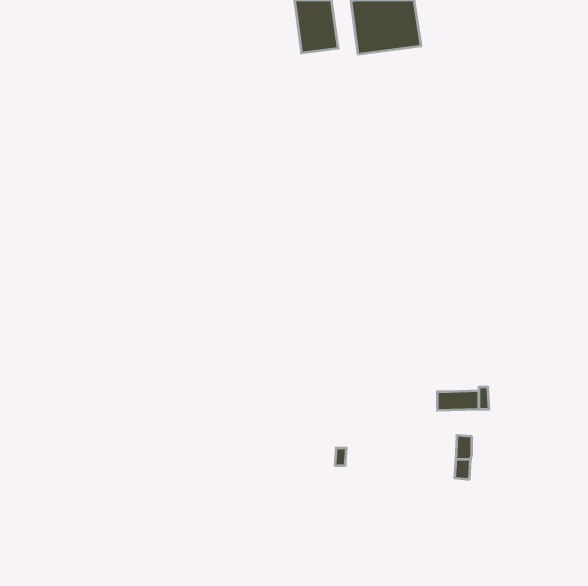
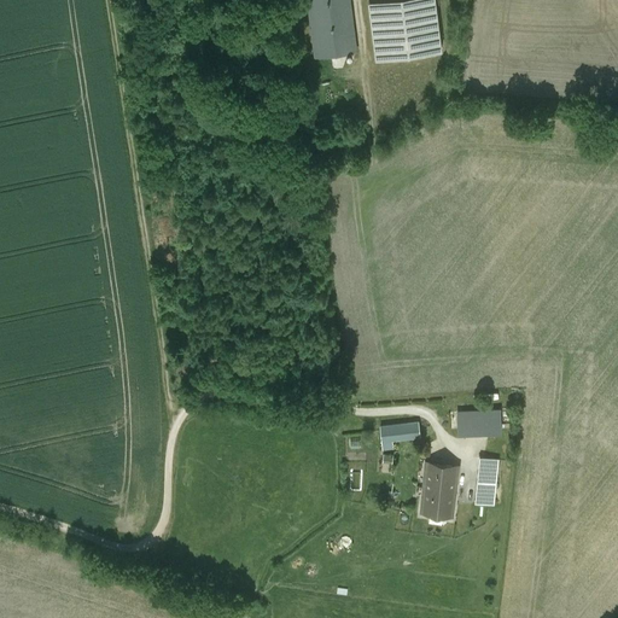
building: none -> [378,424,420,451]
building: none -> [420,464,457,515]

